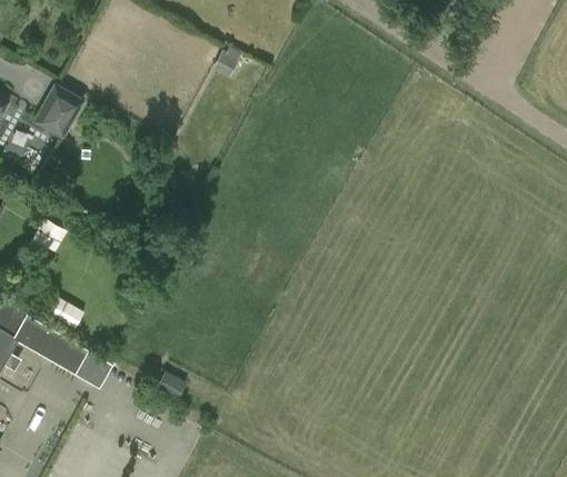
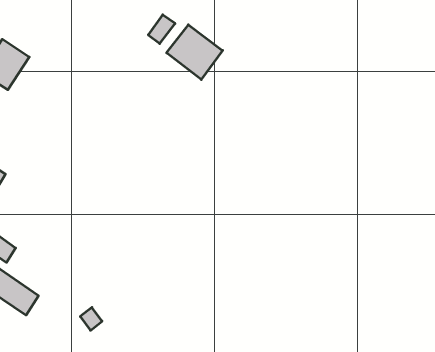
building: none -> [167,25,223,80]

